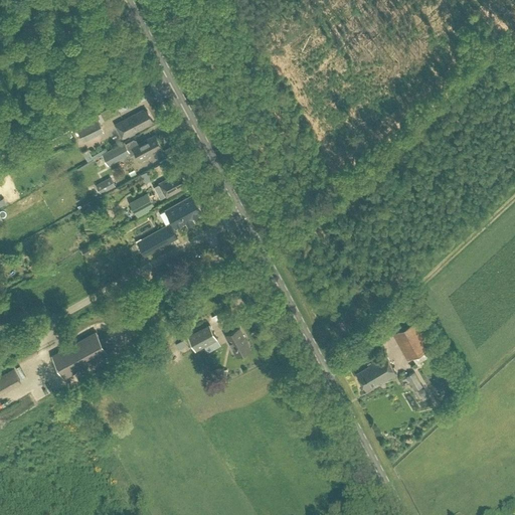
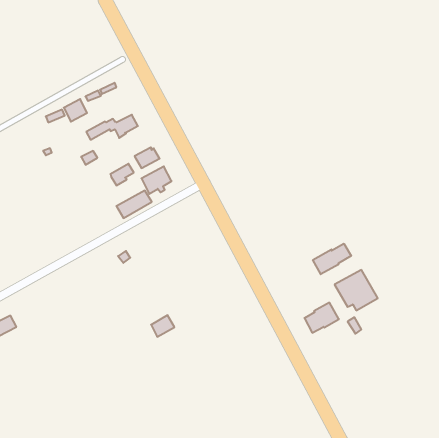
building: [114,112,152,141] -> none
building: none -> [313,244,351,274]
building: [188,327,215,352] -> [151,315,174,337]
building: [224,330,248,358] -> none
building: [50,333,107,380] -> none

